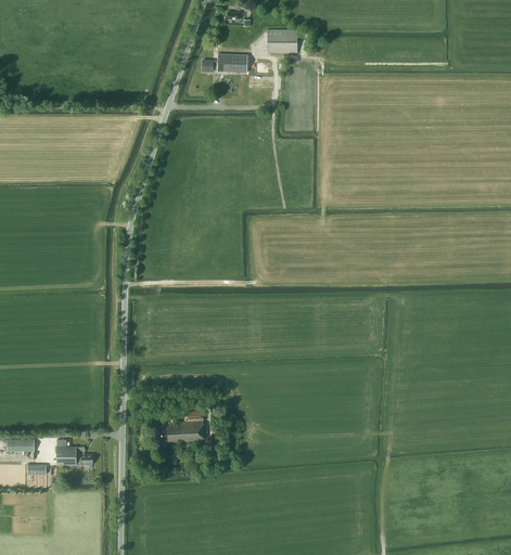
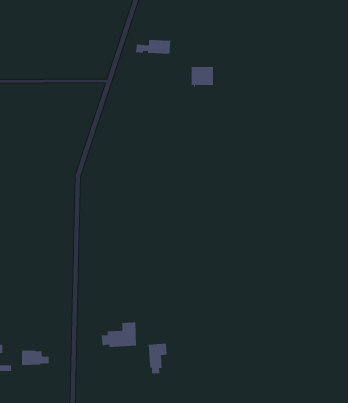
building: [268,29,297,55] -> [191,67,214,87]
building: none -> [148,343,167,374]

